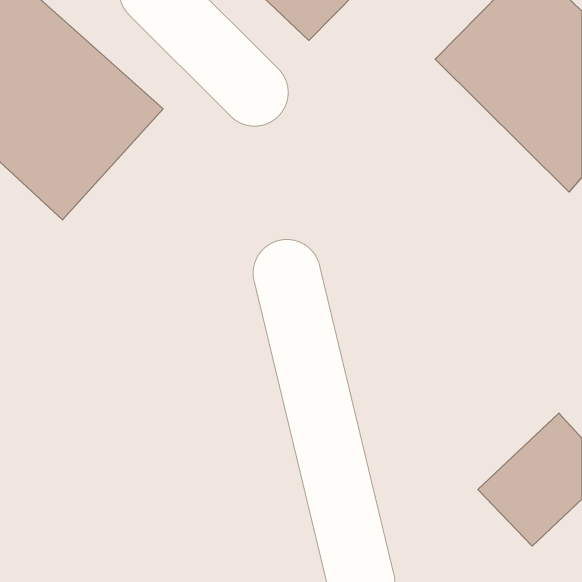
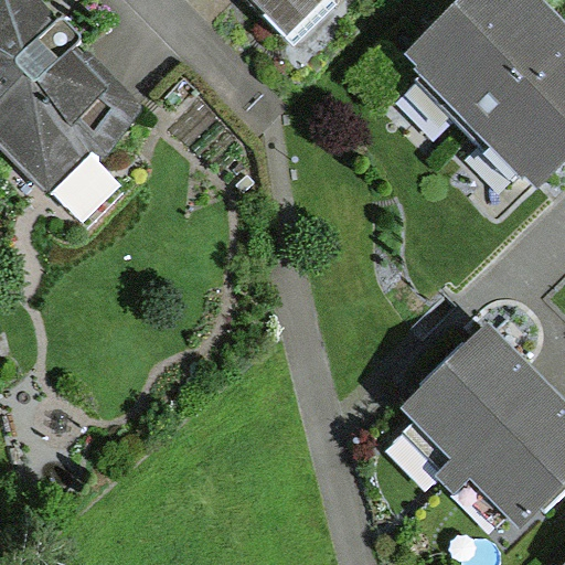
building: none -> [404,340,533,467]

